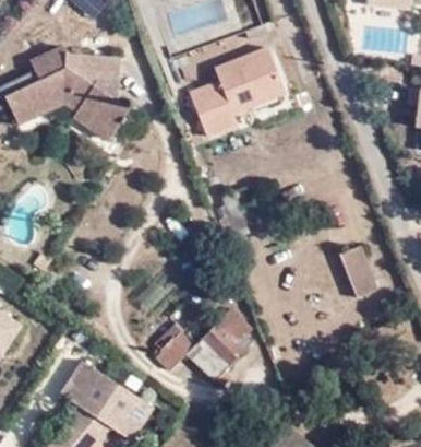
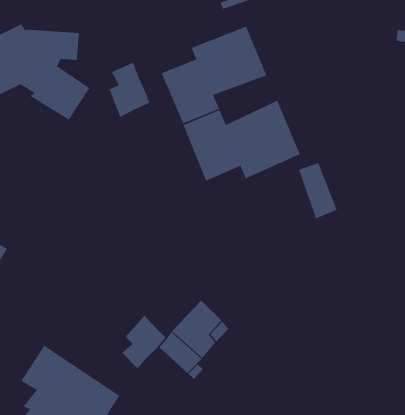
building: none -> [109,62,150,118]
building: none -> [183,100,301,182]
building: [338,246,375,299] -> [298,163,337,219]

